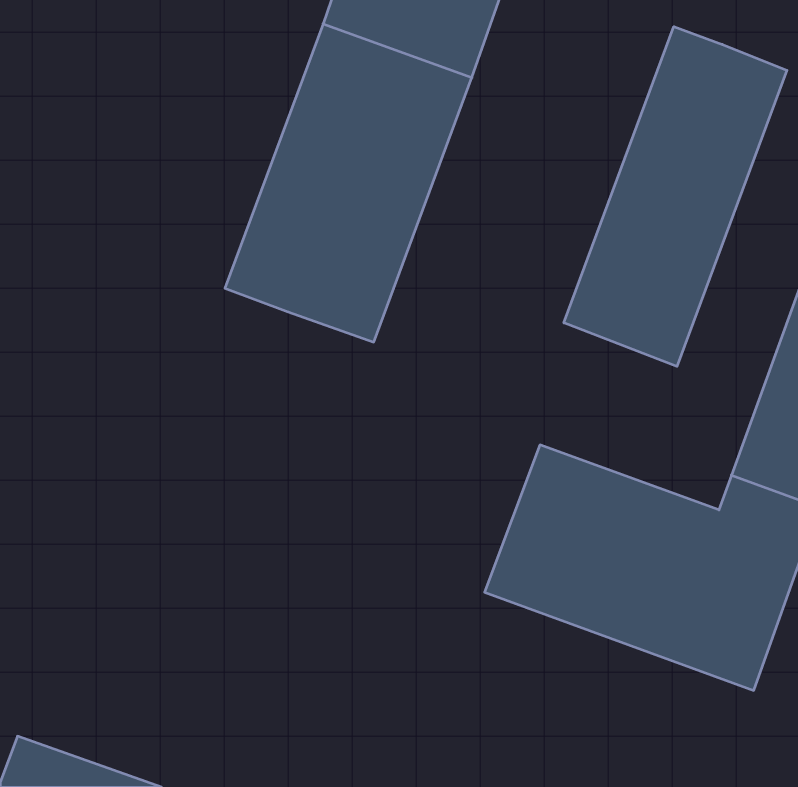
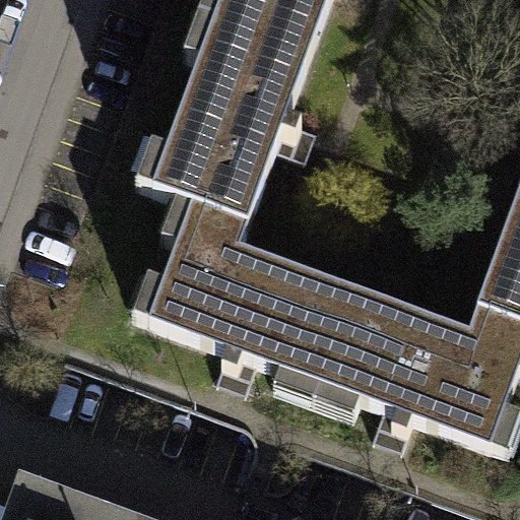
building: [564,27,787,366] -> none
building: none -> [148,200,353,380]

